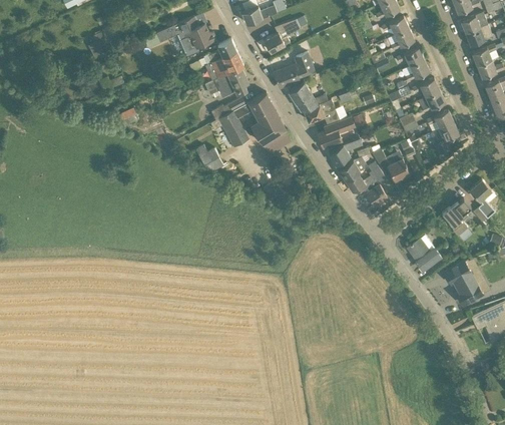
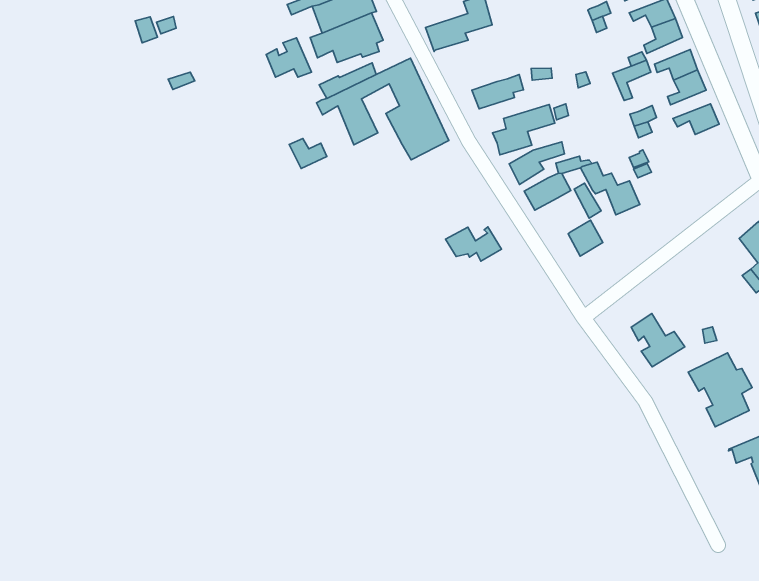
building: [288,81,324,110] -> none
building: none -> [266,38,312,77]
building: [430,121,458,153] -> none
building: [345,170,379,191] -> [446,227,501,261]
building: [441,198,470,236] -> none

